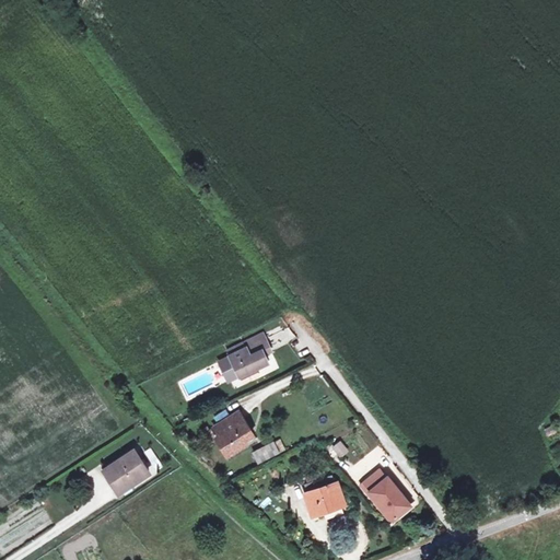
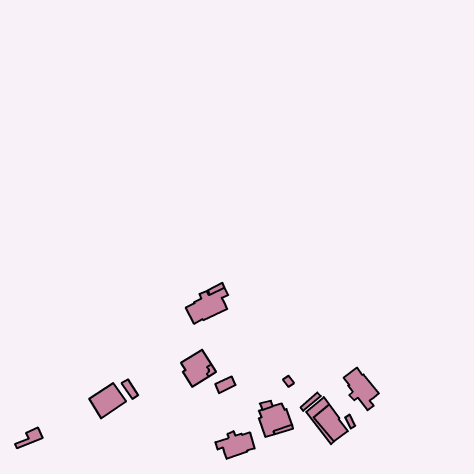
building: none -> [344,368,379,410]
building: none -> [215,431,255,459]

